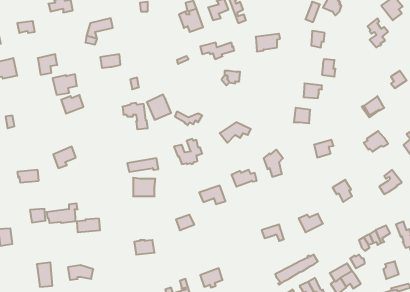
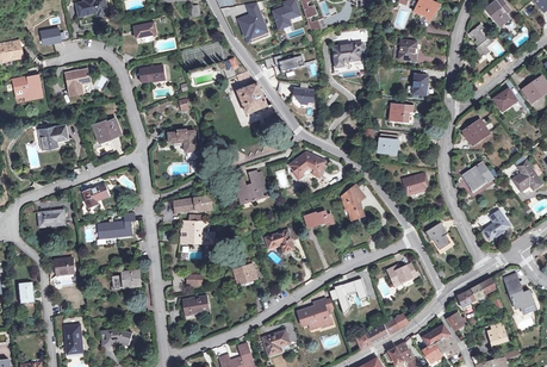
building: [53,74,77,95] -> [38,124,68,149]
building: [147,95,171,120] -> [236,82,266,113]
building: [46,203,78,223] -> [98,213,136,237]
building: none -> [297,298,331,328]

